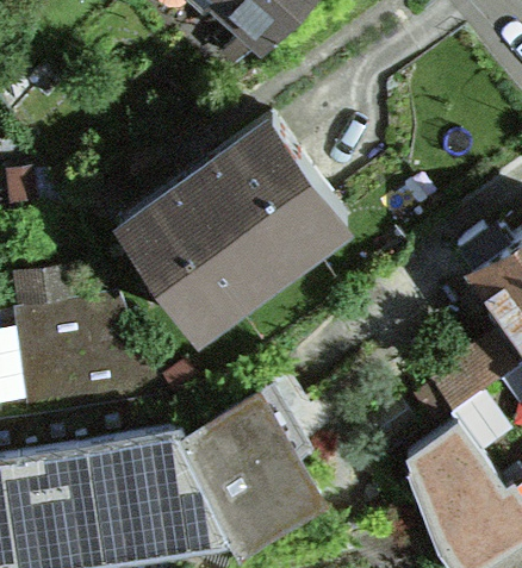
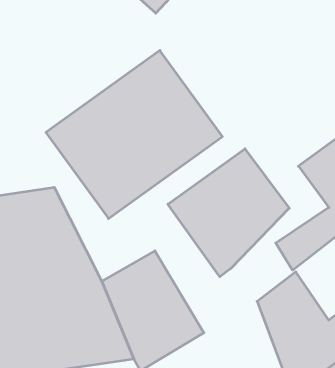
building: none -> [168,149,289,277]

